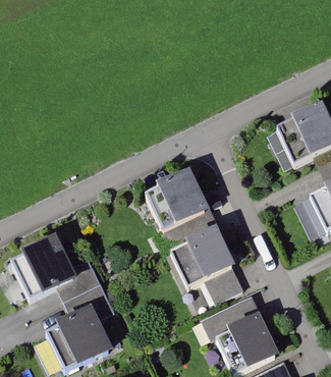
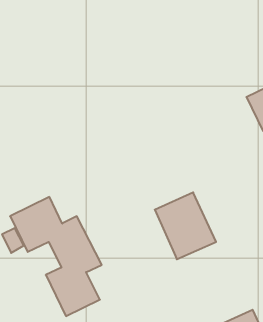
building: [150,170,209,230] -> none
building: [209,298,276,371] -> none

